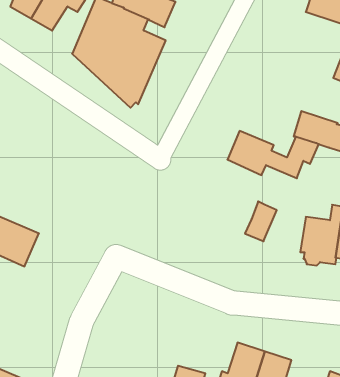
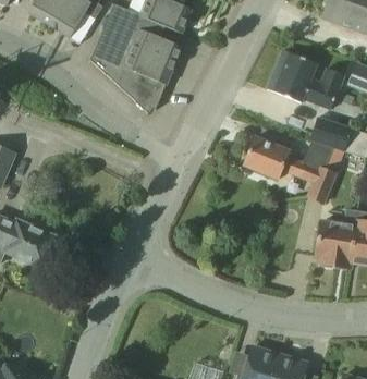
building: none -> [268,49,345,108]
building: [245,201,277,241] -> [306,164,338,204]

